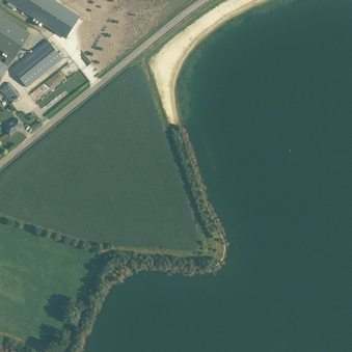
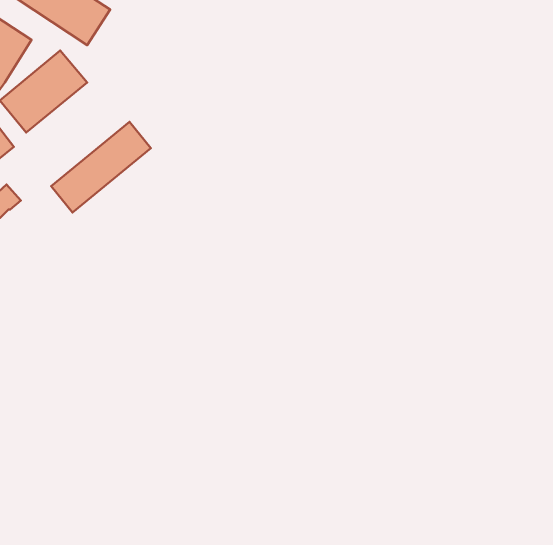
building: none -> [51,122,151,212]

